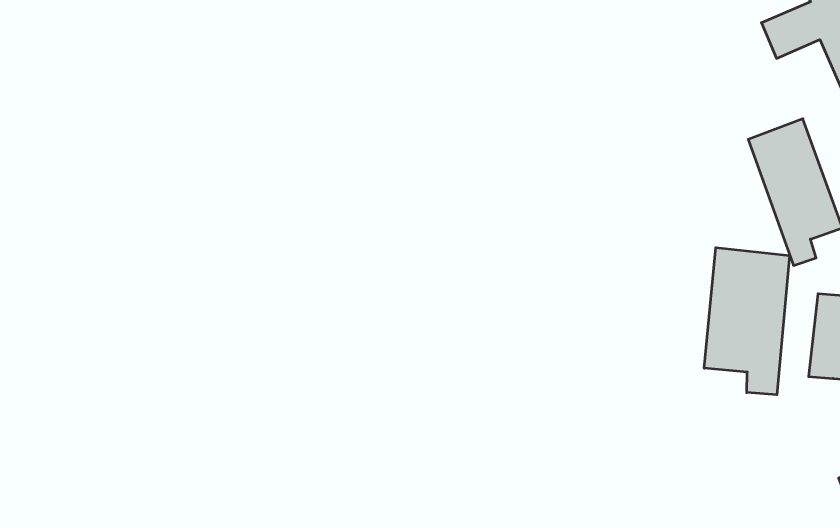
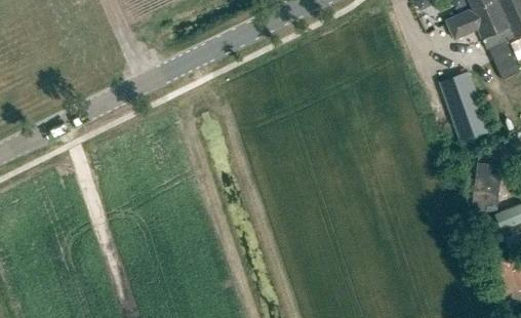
building: [704,248,790,395] -> none

